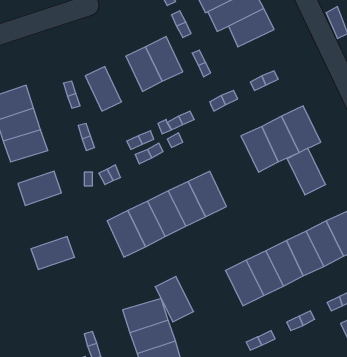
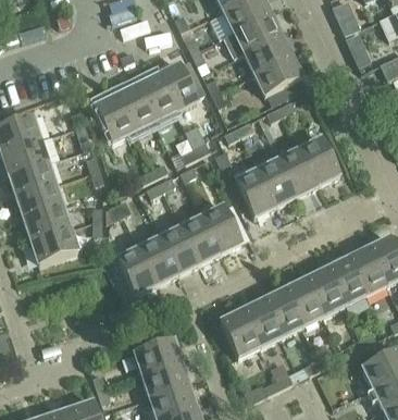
building: none -> [253,55,301,95]
building: none -> [114,84,153,132]
building: [287,148,326,195] -> [235,168,275,217]
building: none -> [15,183,61,218]
building: [31,237,75,270] -> [30,227,76,262]
building: [155,276,194,322] -> [219,309,259,357]

